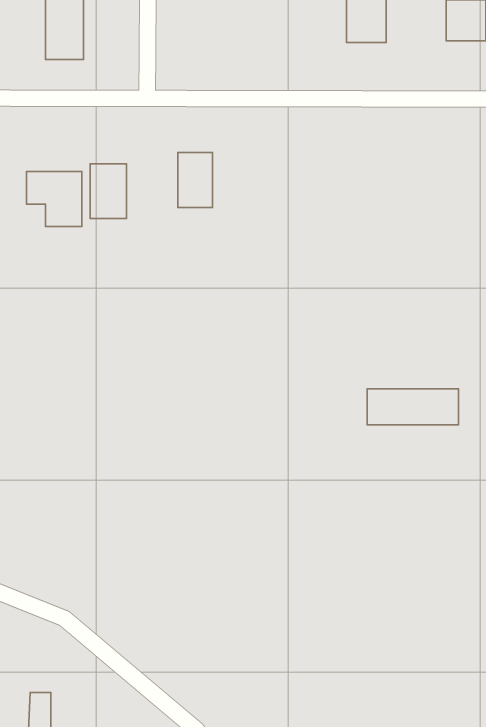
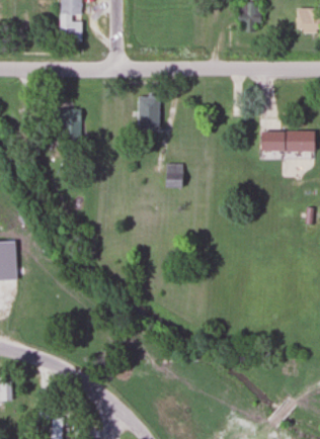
building: [90,164,126,219] -> none
building: none -> [165,164,182,188]
building: [367,389,458,425] -> [259,131,313,153]

